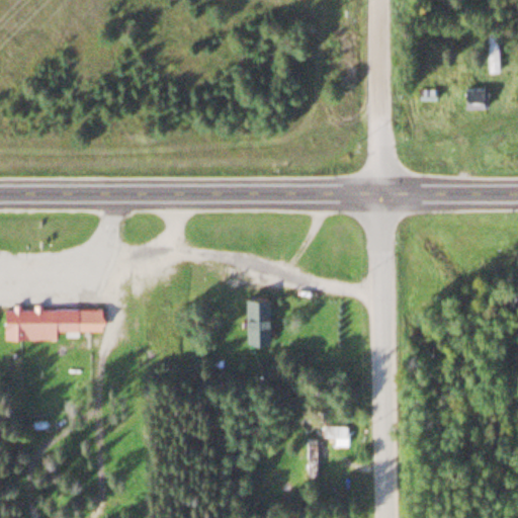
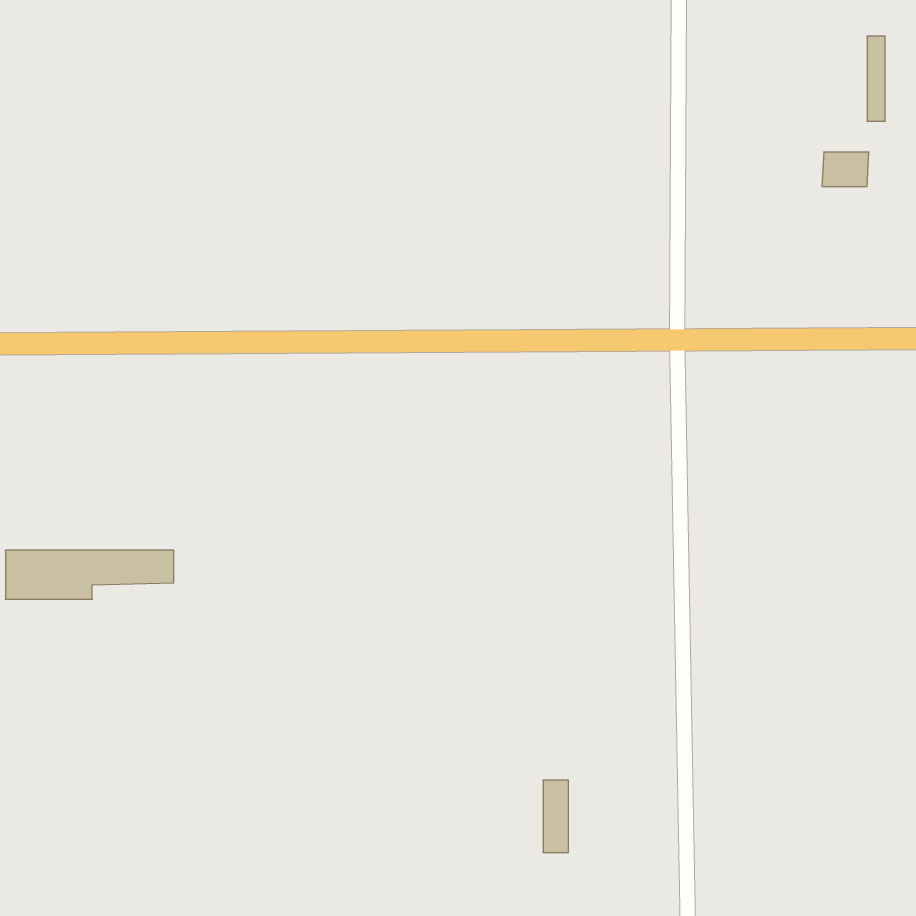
building: [247,300,270,342] -> none
building: [326,427,351,449] -> none

